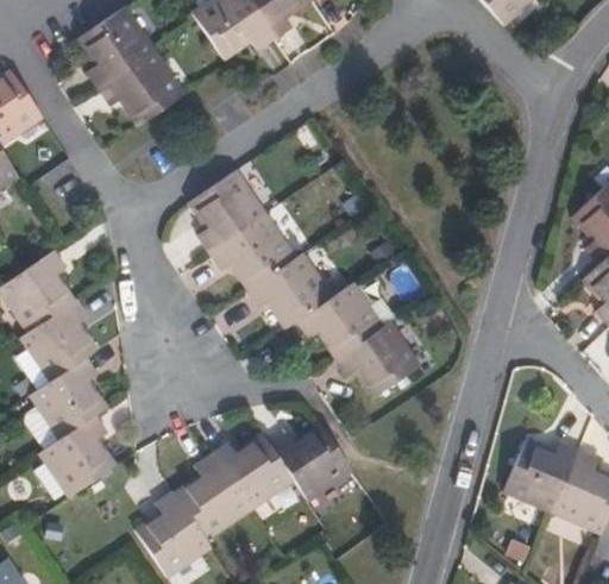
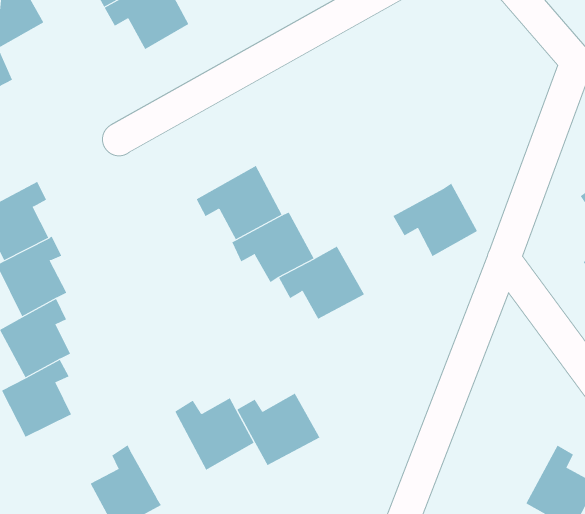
building: [192,174,263,256] -> none
building: [333,322,415,394] -> [392,183,478,257]
building: [501,442,575,509] -> none
building: [174,458,246,541] -> none

